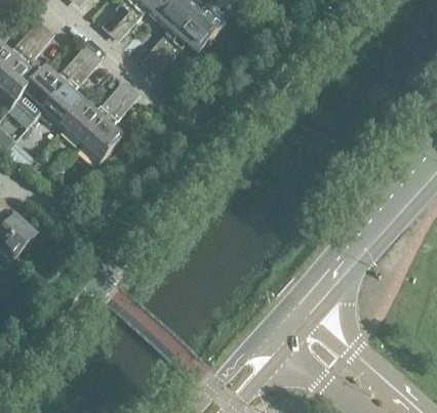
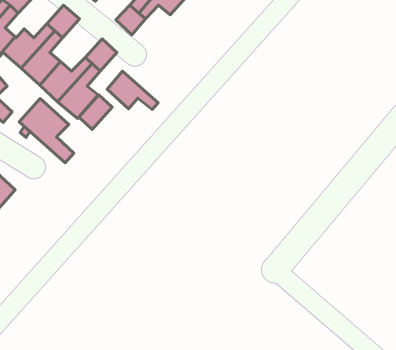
building: none -> [107,71,158,109]
building: none -> [79,95,112,129]
building: none -> [19,98,74,163]

